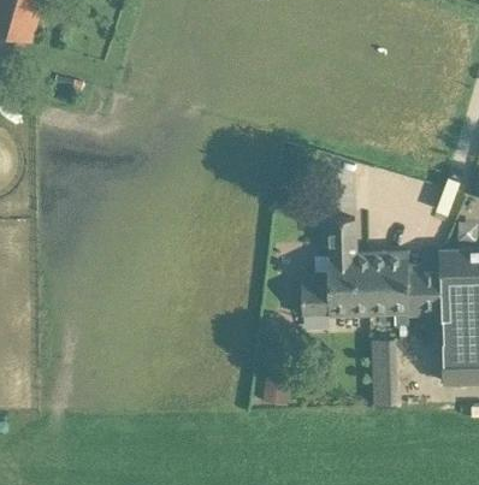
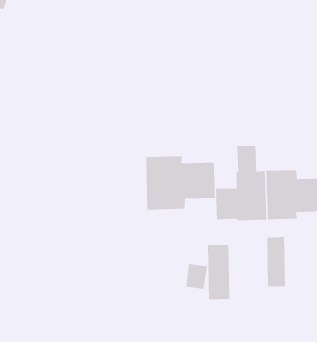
building: none -> [146,156,216,210]
building: none -> [207,244,230,300]

